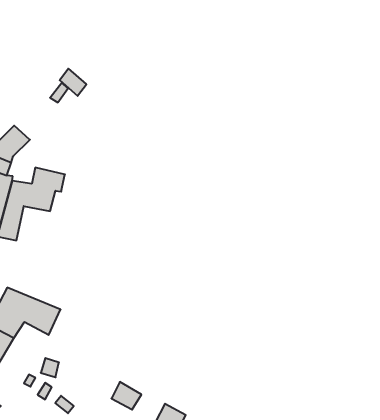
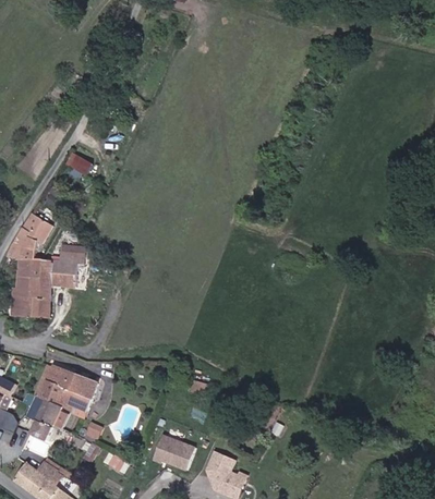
building: none -> [60,392,92,414]

